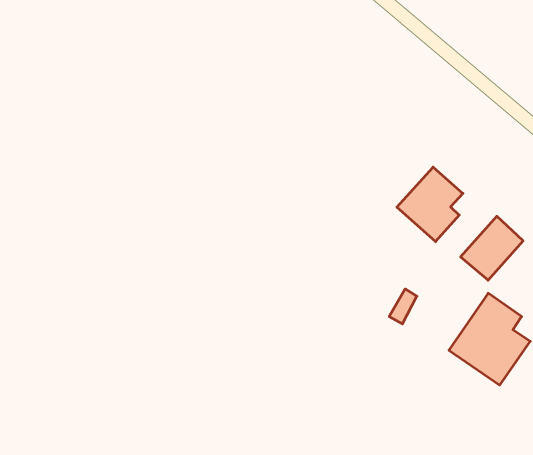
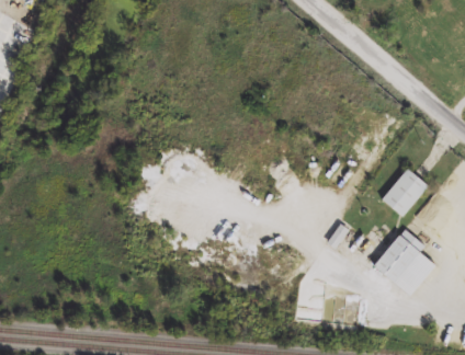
building: [397,167,463,242] -> none

